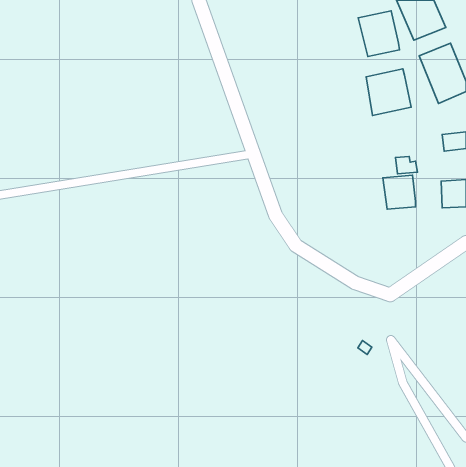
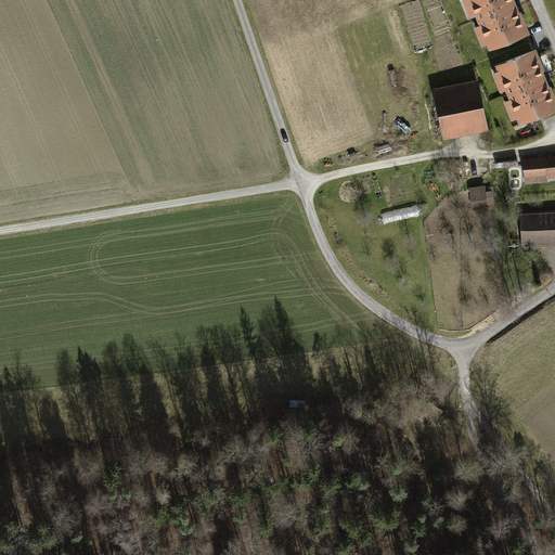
building: [358,11,400,56] -> none
building: [383,175,416,209] -> none

